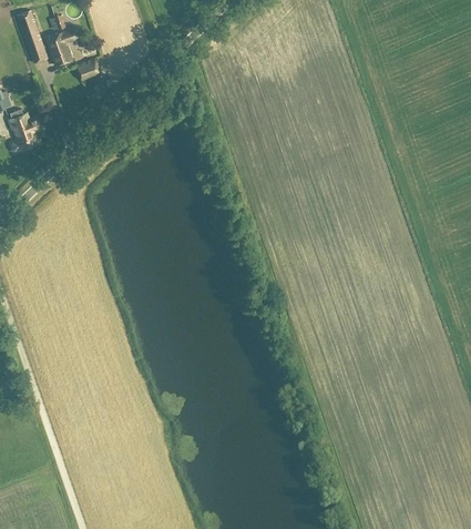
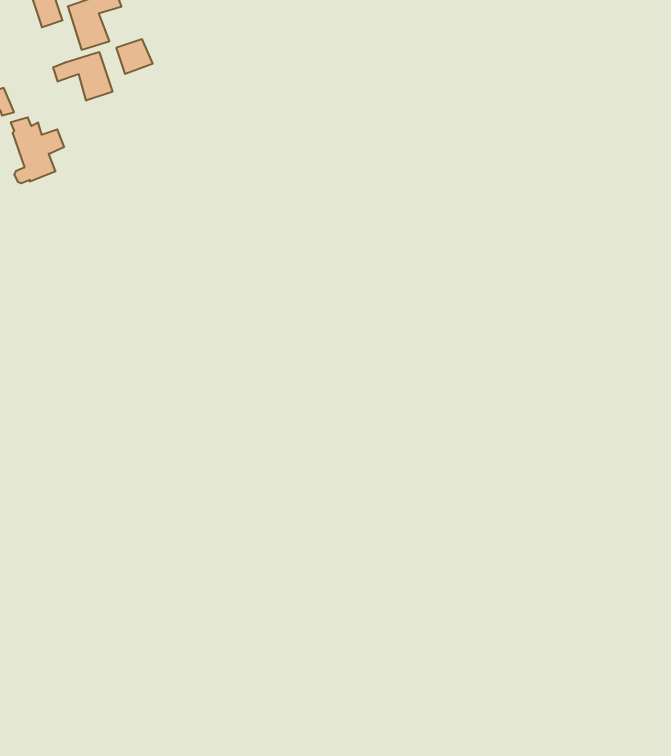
building: none -> [53,52,112,101]

